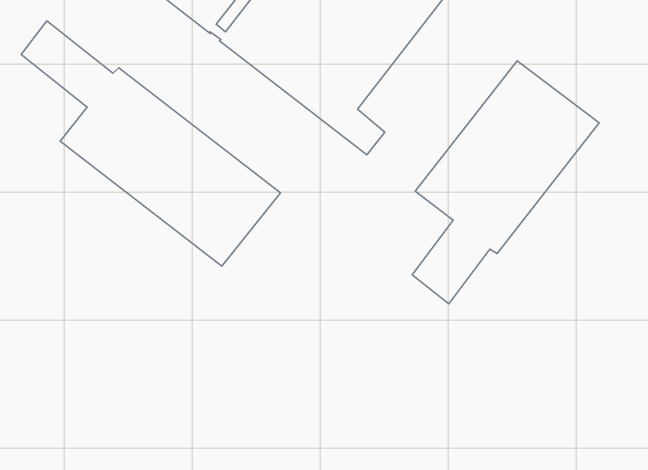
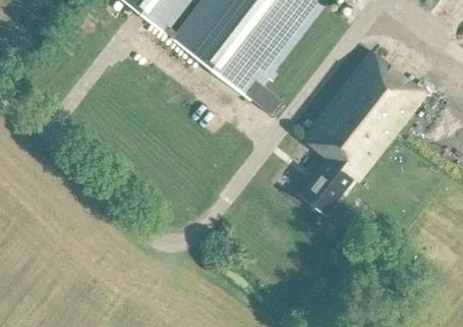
building: [21,21,281,266] -> none

